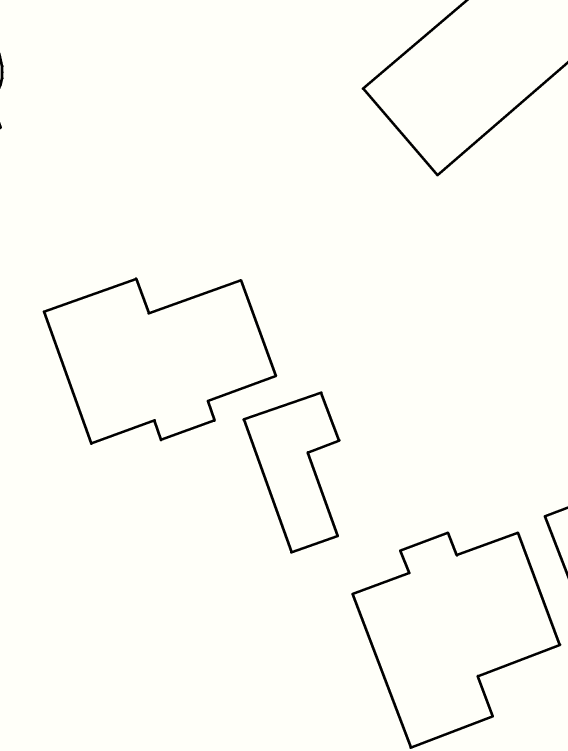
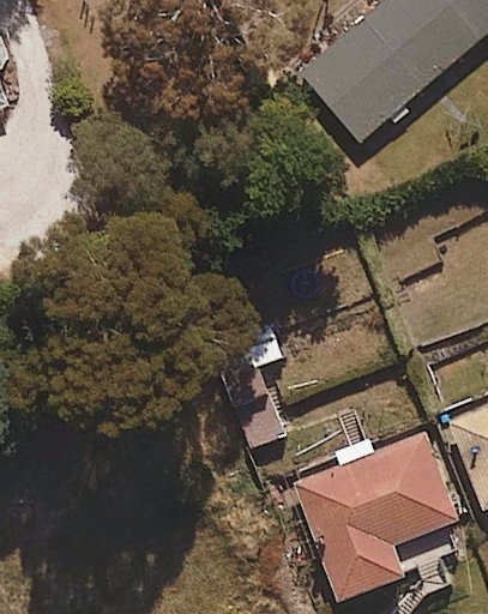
building: [44,279,276,444] -> none

